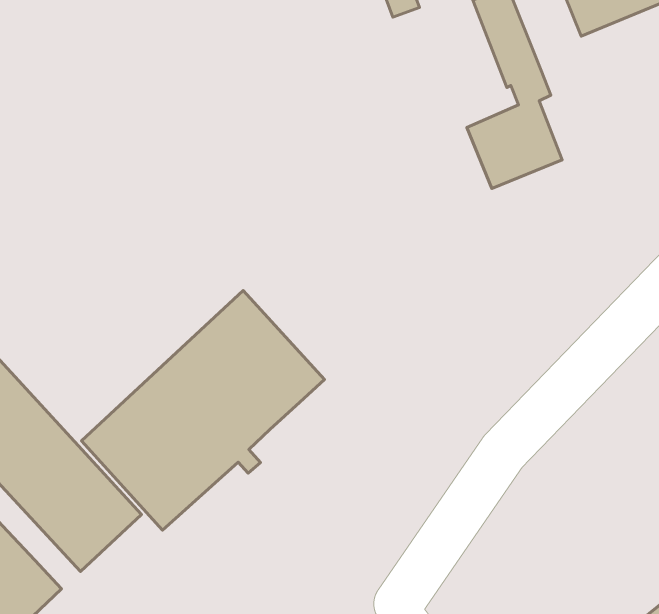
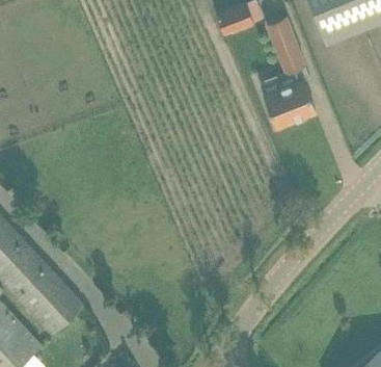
building: [81,290,324,530] -> none

